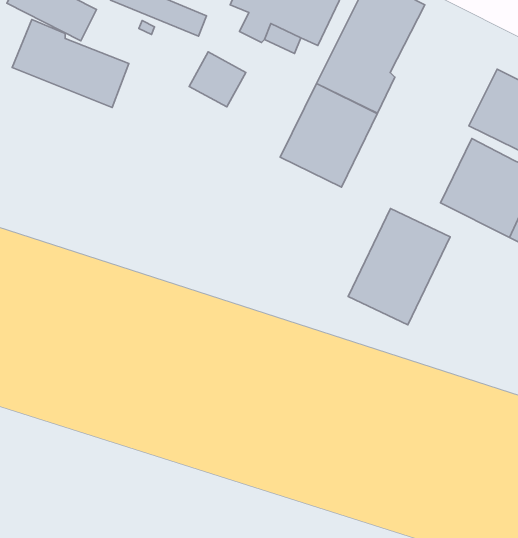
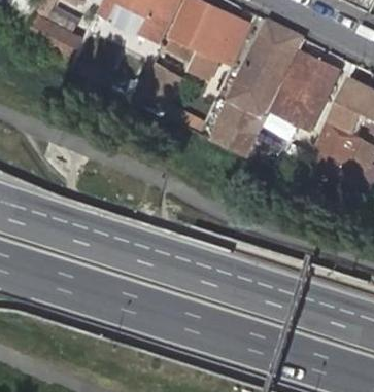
building: [12,19,129,107] -> none
building: [348,208,450,325] -> [271,51,338,128]

